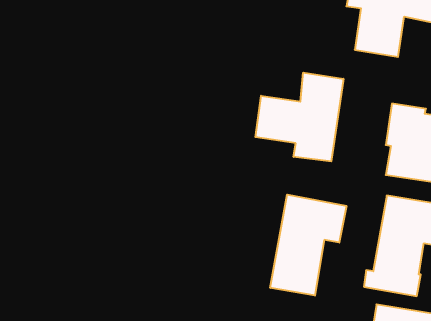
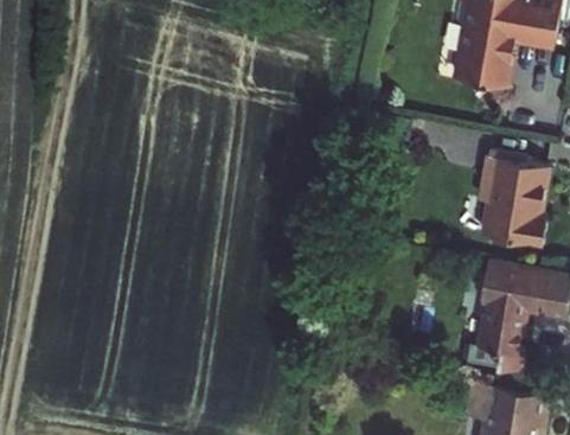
building: [255,73,343,161] -> none
building: [270,195,346,296] -> none

